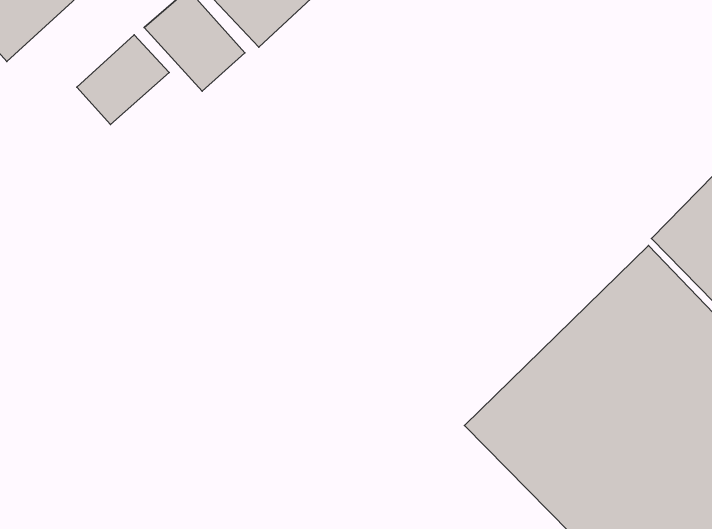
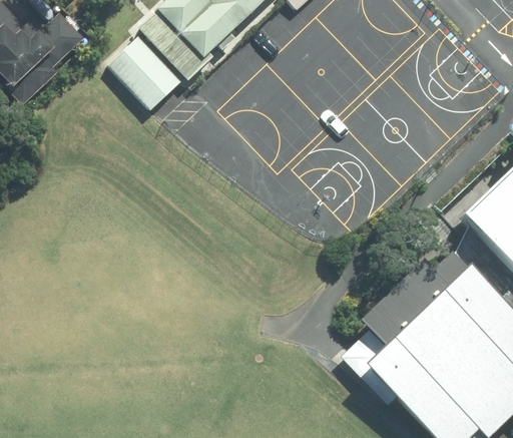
building: [77,35,169,125] -> none

